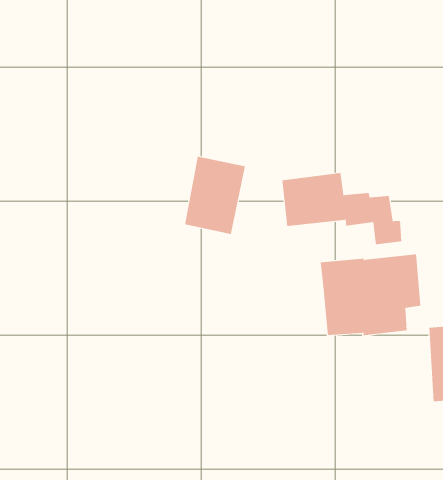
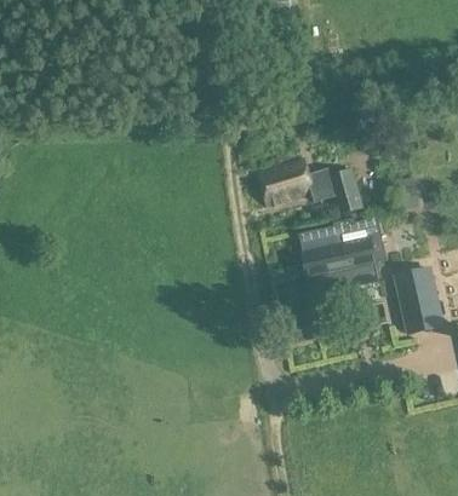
building: [185,156,245,235] -> none

